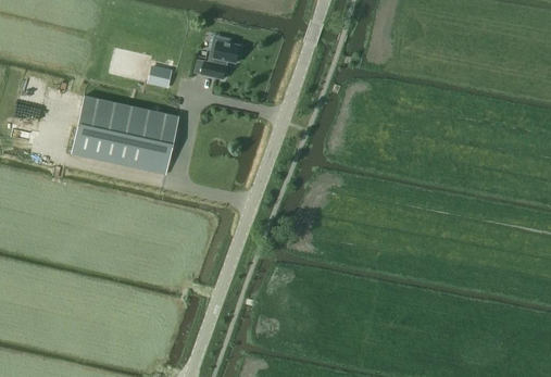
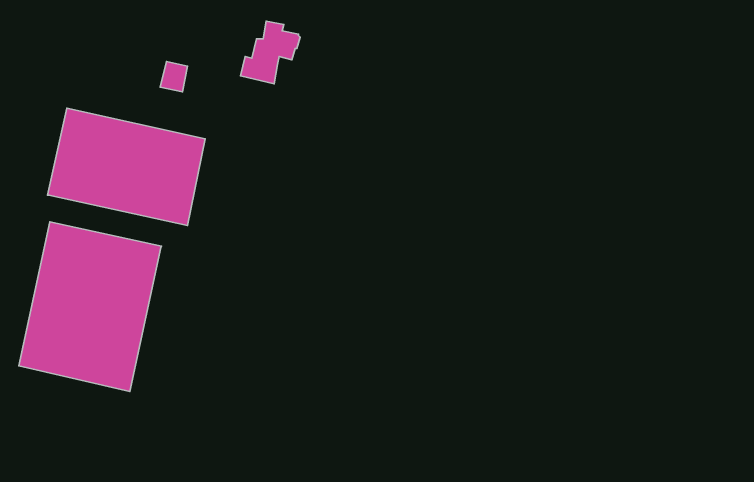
building: none -> [19,222,161,391]

